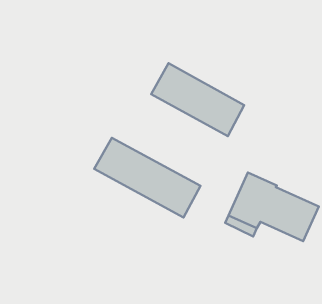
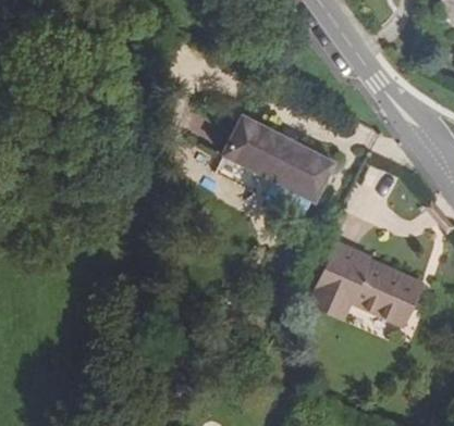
building: [94,138,200,218] -> none

